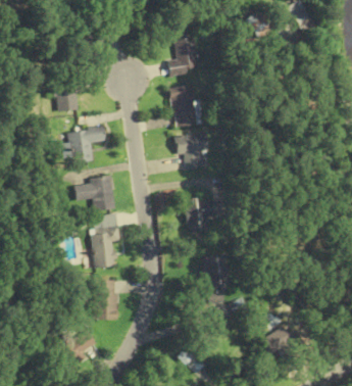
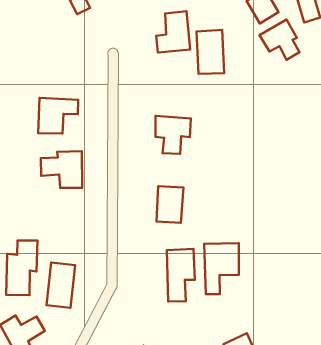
building: none -> [260,19,300,60]
building: [53,80,77,112] -> none
building: [170,85,200,128] -> [196,30,224,74]
building: [91,215,119,269] -> [6,240,38,295]
building: none -> [204,243,239,294]

